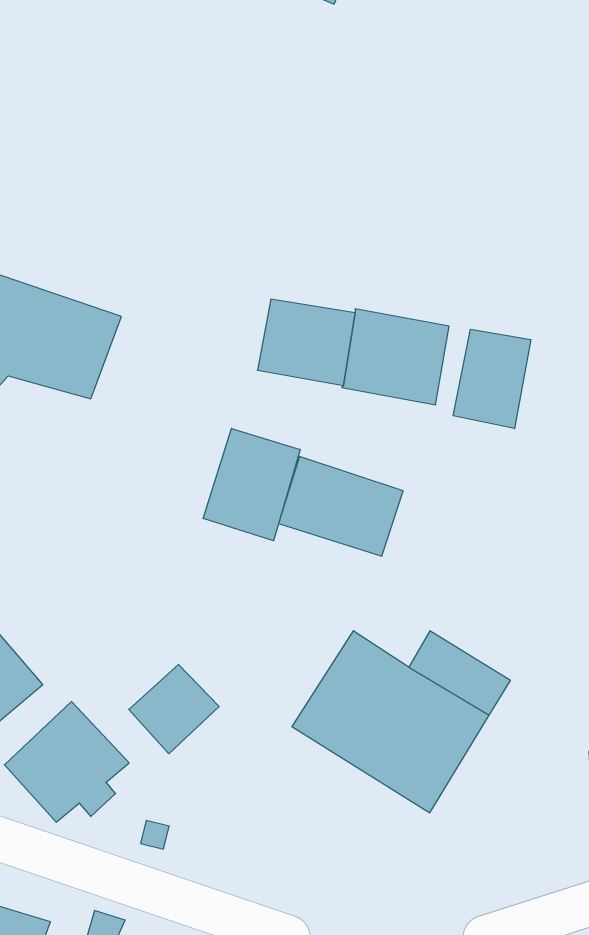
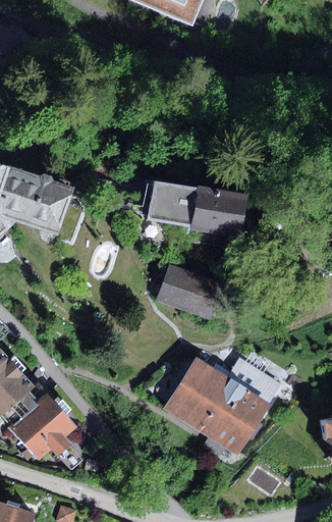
building: [453,329,531,429] -> none
building: [203,428,300,541] -> none
building: [129,664,219,754] -> none

